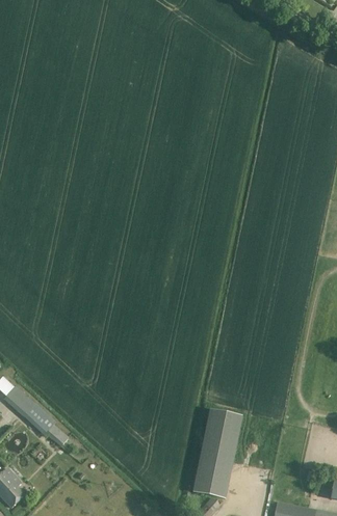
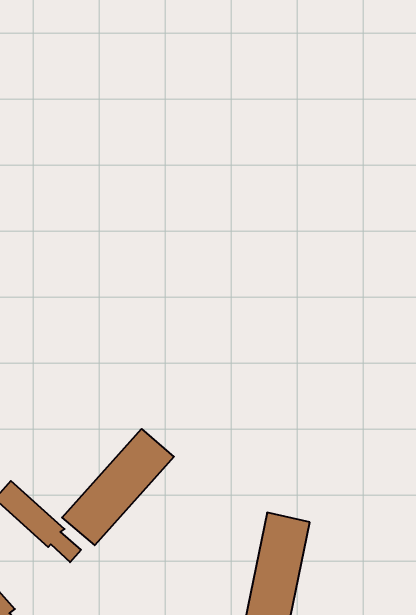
building: none -> [62,429,174,545]

